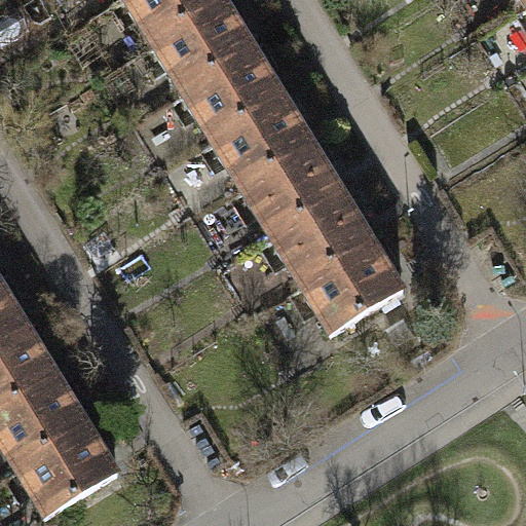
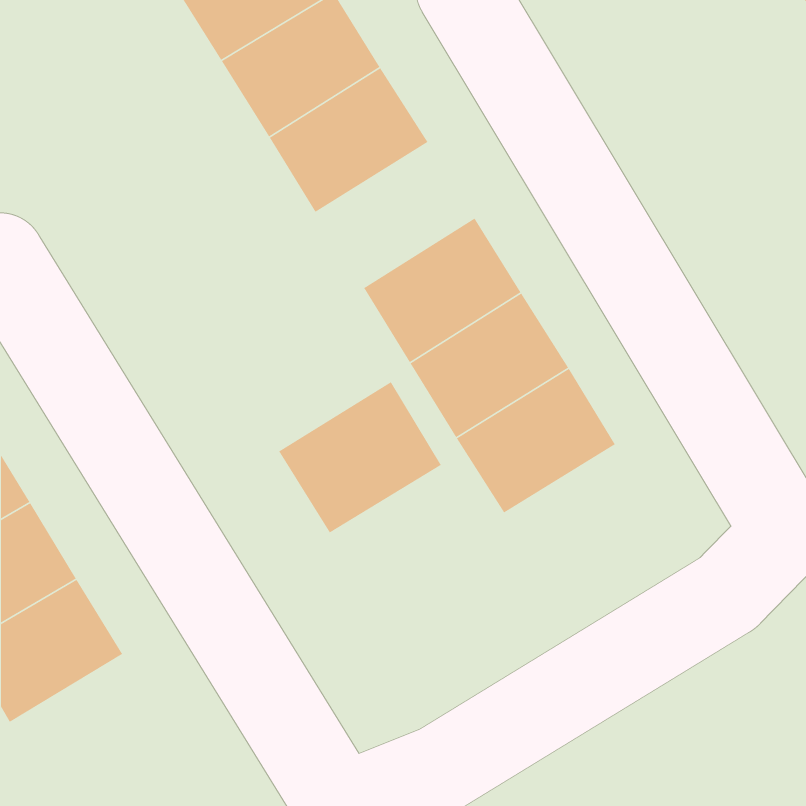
building: [210,91,312,185] -> none
building: none -> [278,381,442,534]
building: [13,420,116,513] -> none

